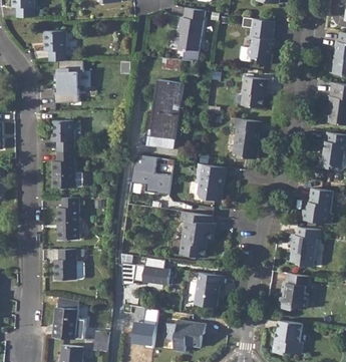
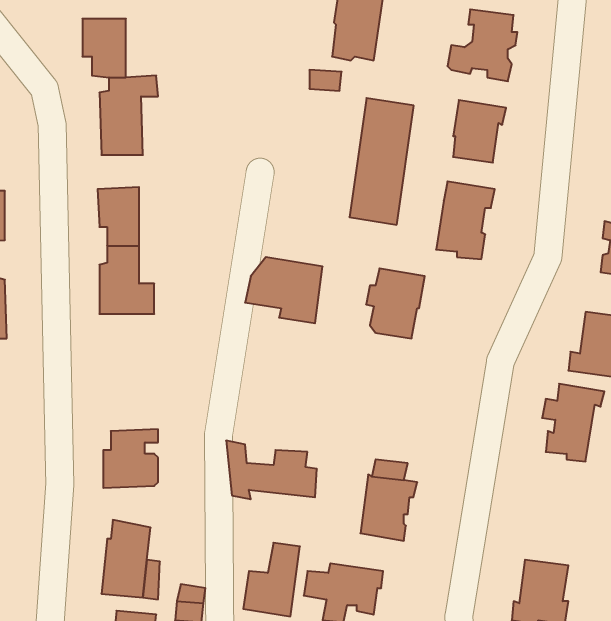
building: [149,80,184,147] -> [349,98,414,225]
building: [57,198,80,240] -> none
building: [179,211,214,256] -> none
building: [279,272,309,308] -> none

